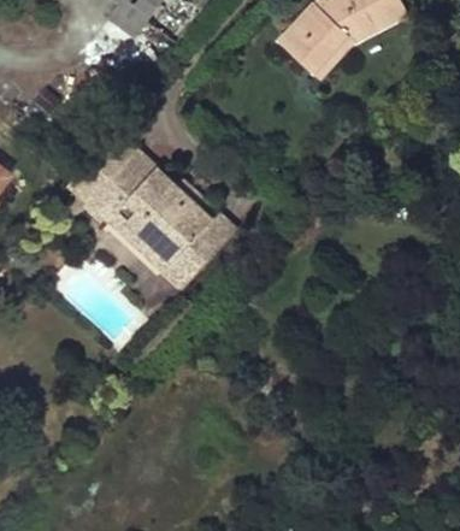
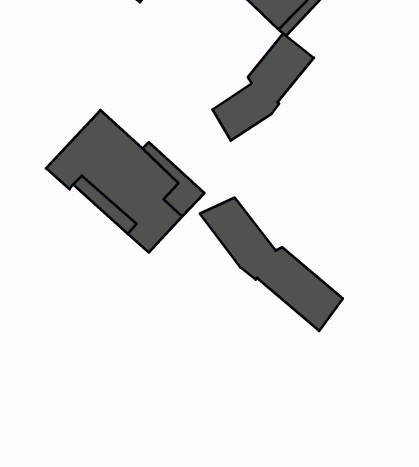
building: none -> [212,34,314,141]
building: none -> [200,198,343,331]

